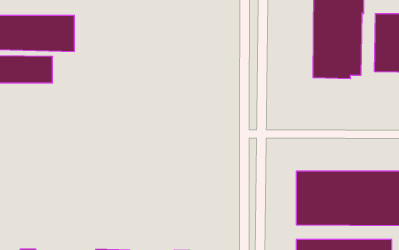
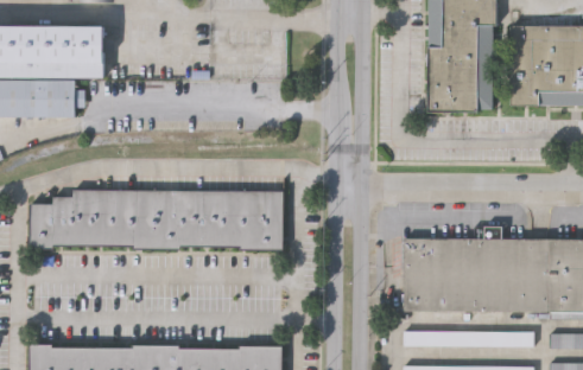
building: none -> [31,190,283,250]

